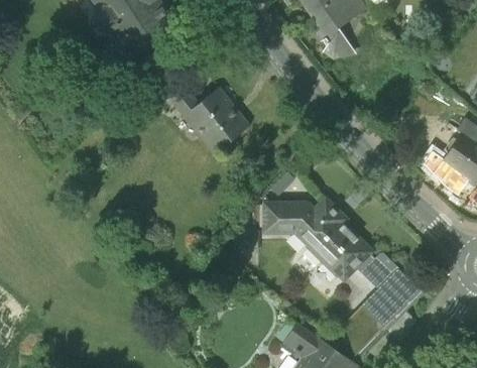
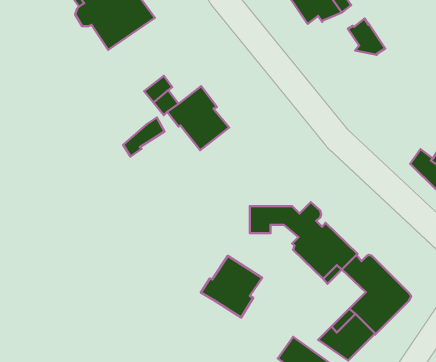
building: [315,19,351,54] -> [348,18,385,55]
building: none -> [123,117,165,156]
building: none -> [201,256,262,317]

